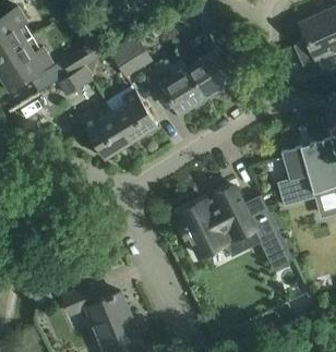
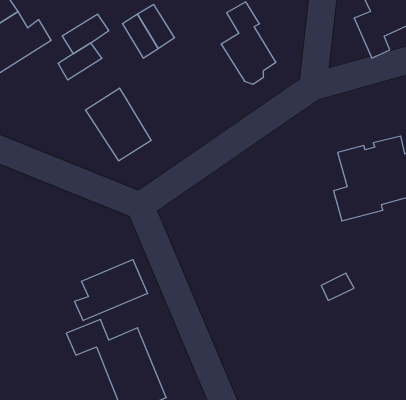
building: [155,66,205,112] -> none
building: [111,89,156,143] -> none
building: [178,186,277,257] -> none
building: none -> [75,260,148,321]

